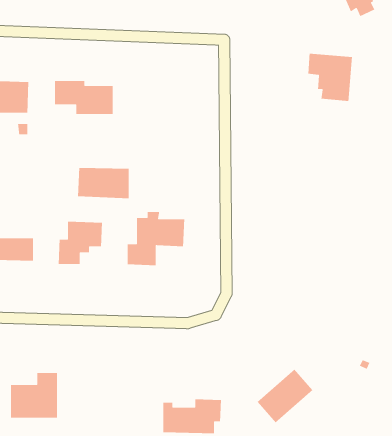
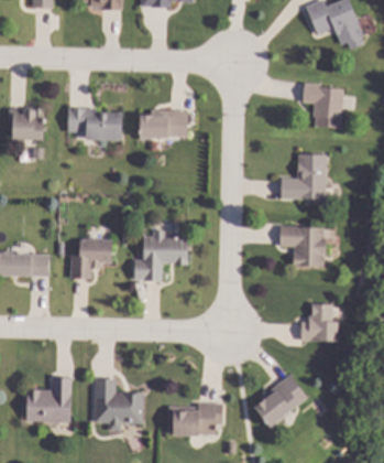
building: none -> [281,154,326,200]
building: [77,167,130,199] -> [139,109,187,139]
building: none -> [278,226,323,267]
building: none -> [300,304,338,341]
building: none -> [95,378,143,431]

